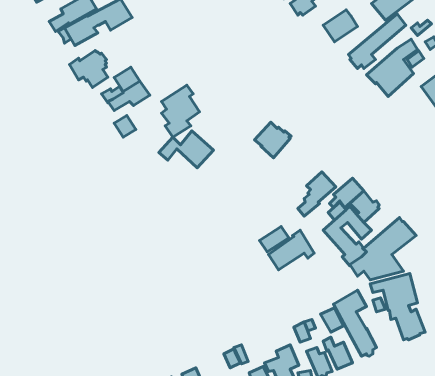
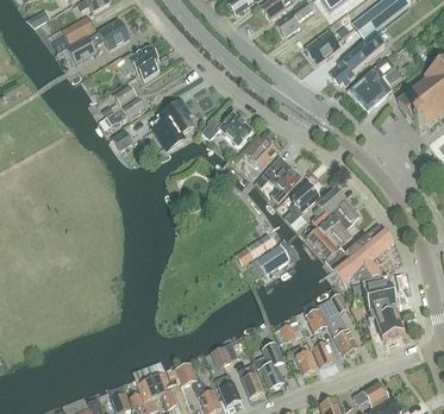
building: [70,50,108,87] -> [123,45,158,80]
building: [159,131,214,168] -> [201,111,252,145]
building: none -> [254,155,301,201]

